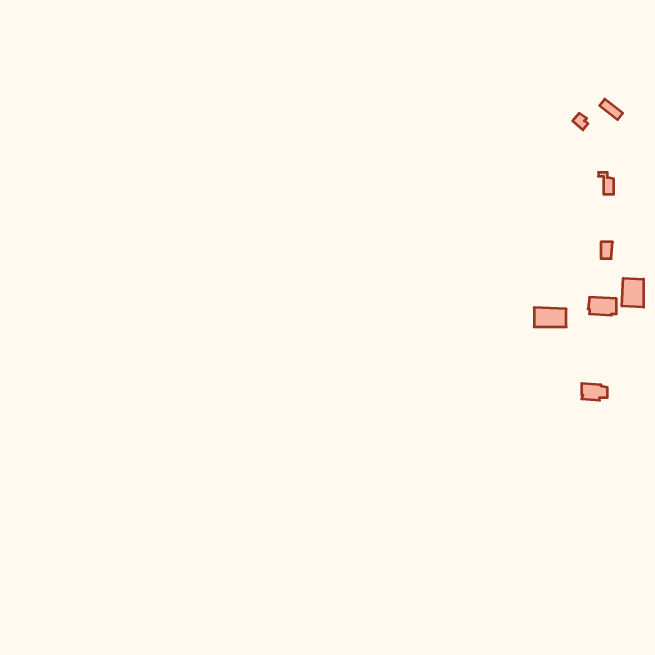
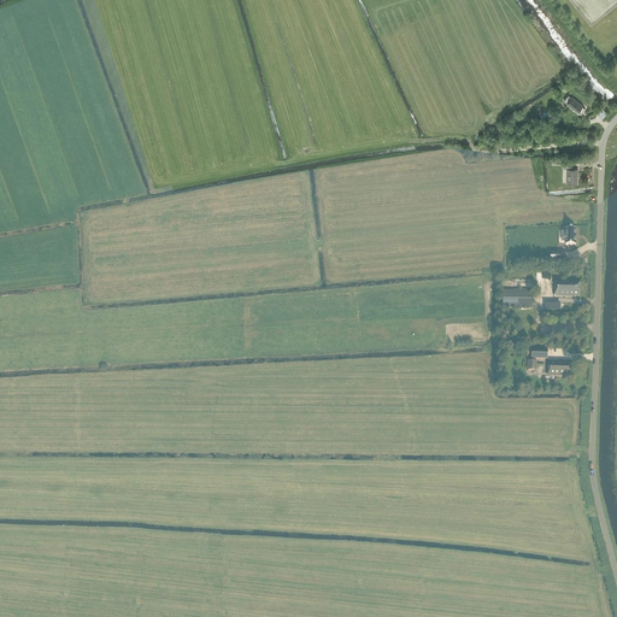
building: [622,278,644,307] -> none

